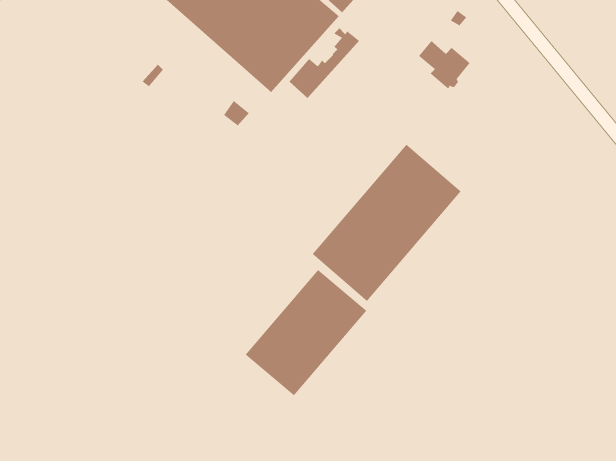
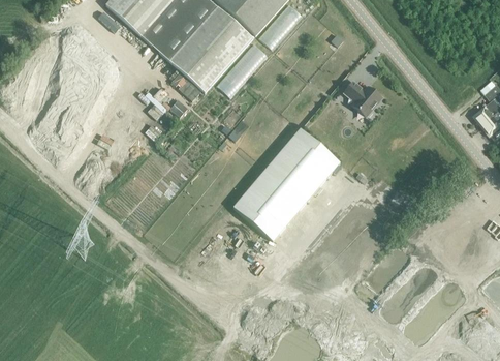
building: [418,40,470,89] -> [344,80,381,115]
building: [245,269,367,396] -> none

